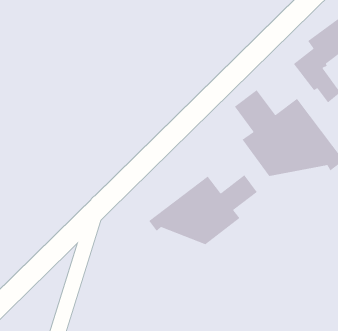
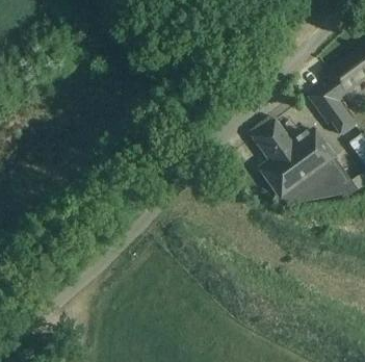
building: [148,174,258,245] -> none

